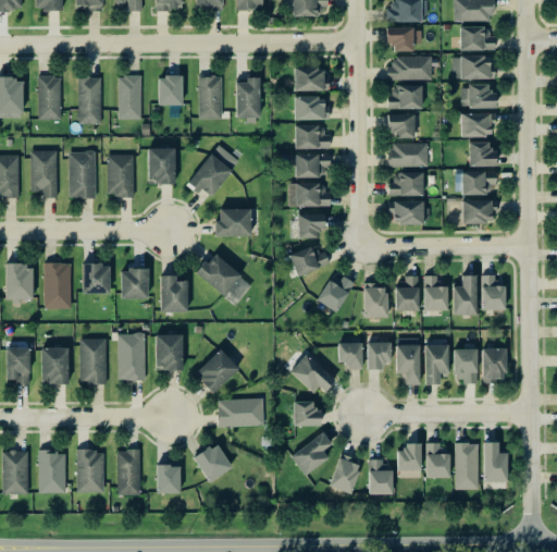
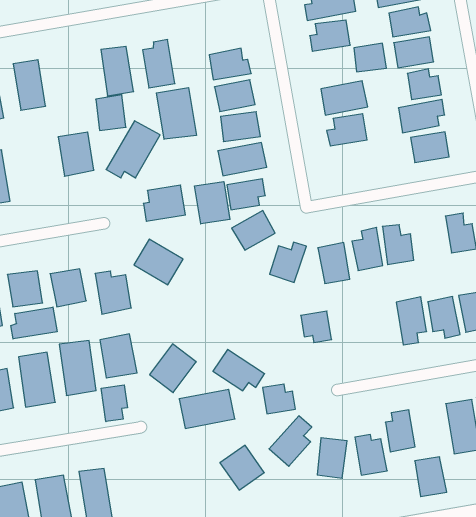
building: [295,68,325,91] -> none
building: [158,76,183,106] -> [96,95,126,130]
building: [387,114,414,137] -> [354,43,386,72]
building: none -> [156,88,196,139]
building: [108,155,134,196] -> none
building: [394,200,423,224] -> none
building: none -> [195,182,230,224]
building: [453,275,476,315] -> none
building: none -> [11,307,57,339]
building: [396,338,420,384] -> none
building: [367,342,391,369] -> none
building: [289,354,335,393] -> [213,349,265,391]
building: none -> [101,385,127,422]
building: [194,443,232,482] -> [220,445,264,490]
building: [426,445,450,478] -> [415,457,447,497]
building: [157,465,181,493] -> none

